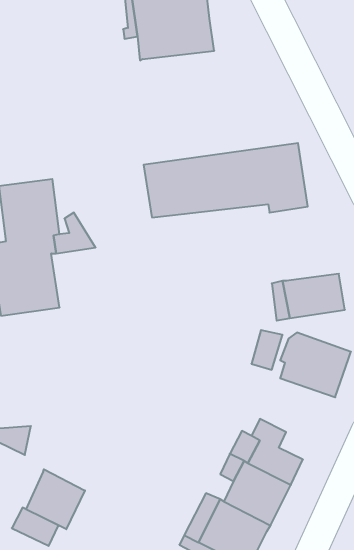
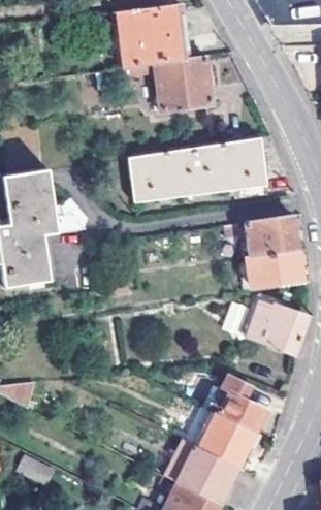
building: none -> [127,56,214,113]
building: none -> [246,216,296,257]
building: [26,469,85,529] -> none

